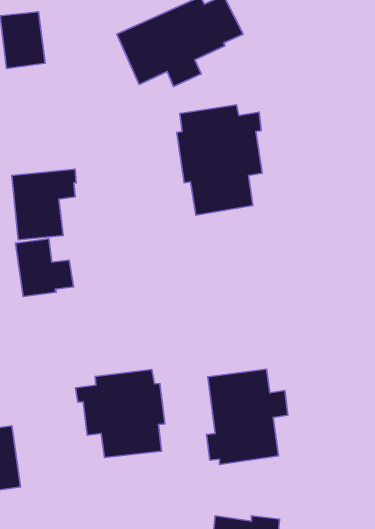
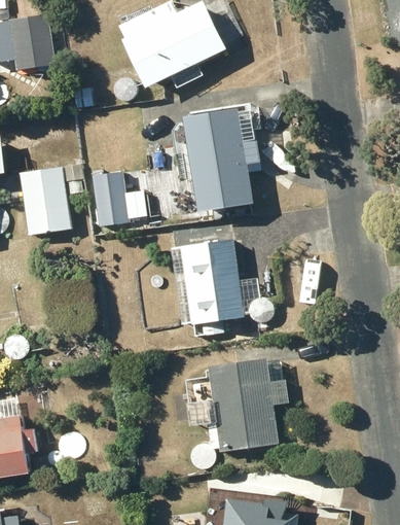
building: [16,239,73,297] -> [90,171,146,226]
building: none -> [172,240,261,337]
building: [75,369,165,457] -> none

